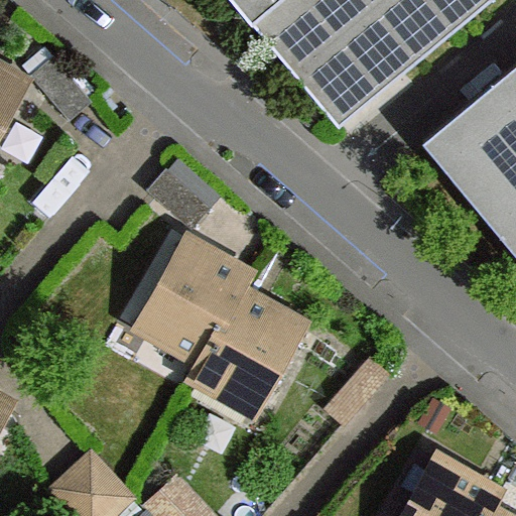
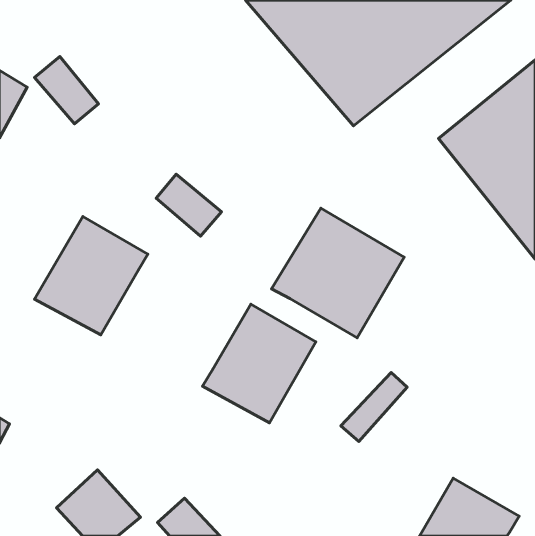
building: none -> [272,208,404,338]
building: [141,241,250,355] -> [35,216,148,335]

